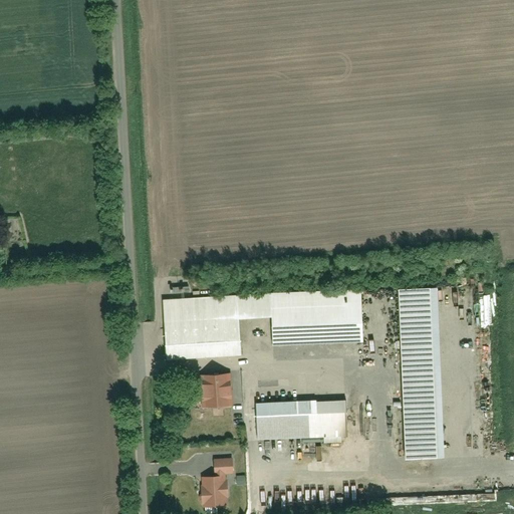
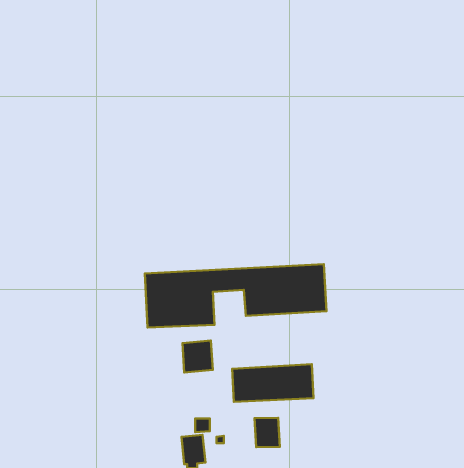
building: [398,288,438,459] -> none
building: none -> [255,418,280,447]

